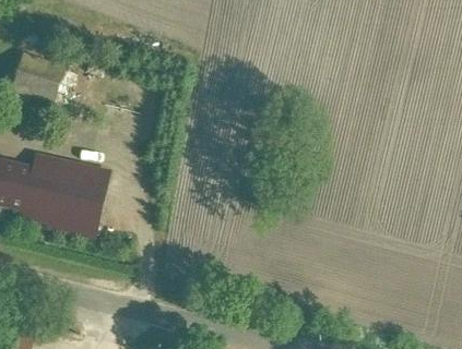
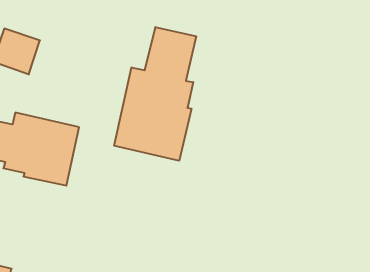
building: none -> [114,27,196,161]

